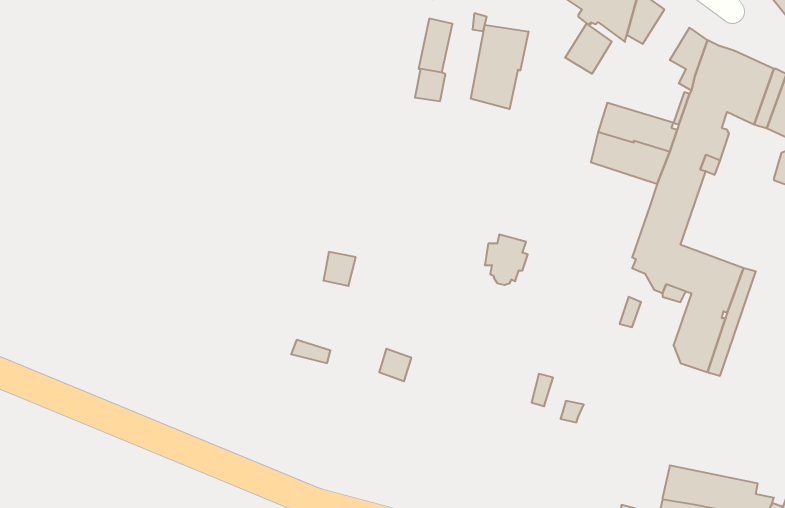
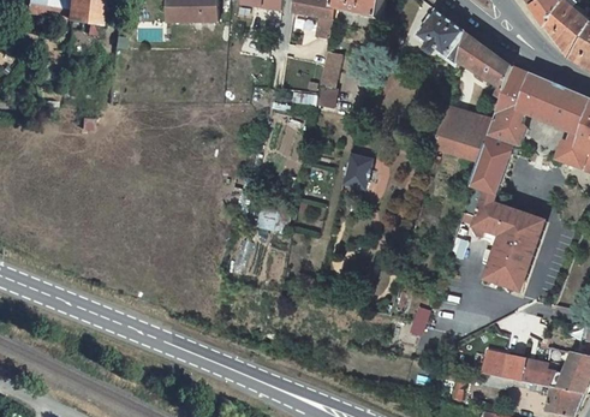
building: [565,24,612,74] -> [469,44,500,78]
building: [471,25,528,109] -> none
building: [485,235,528,285] -> [342,155,371,189]

